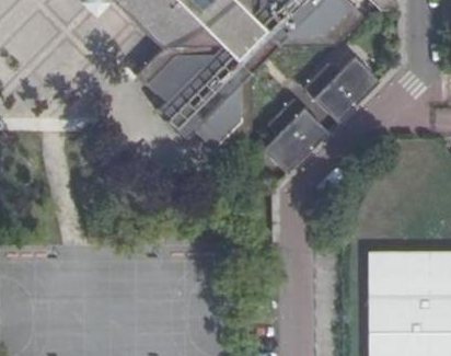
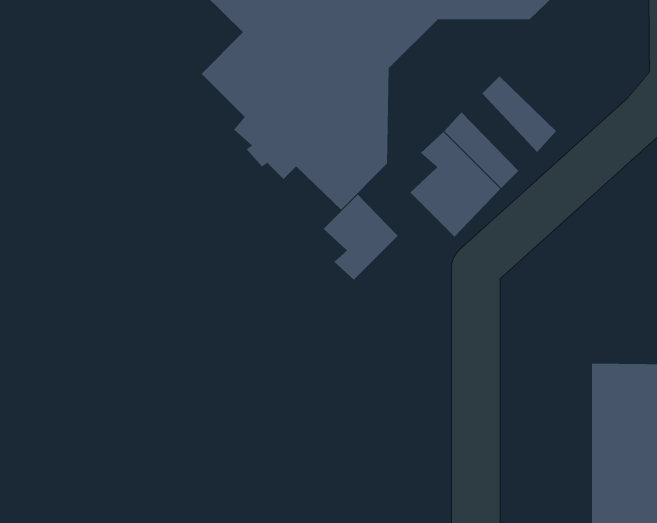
building: [315,53,380,108] -> none
building: none -> [323,194,398,281]

